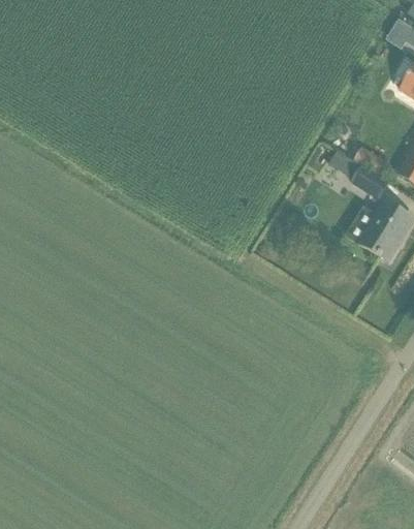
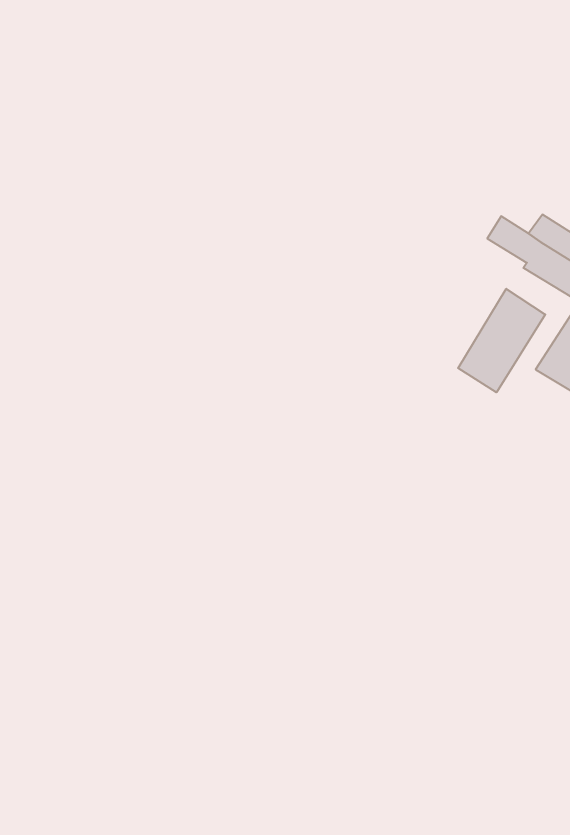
building: none -> [458,289,545,392]

